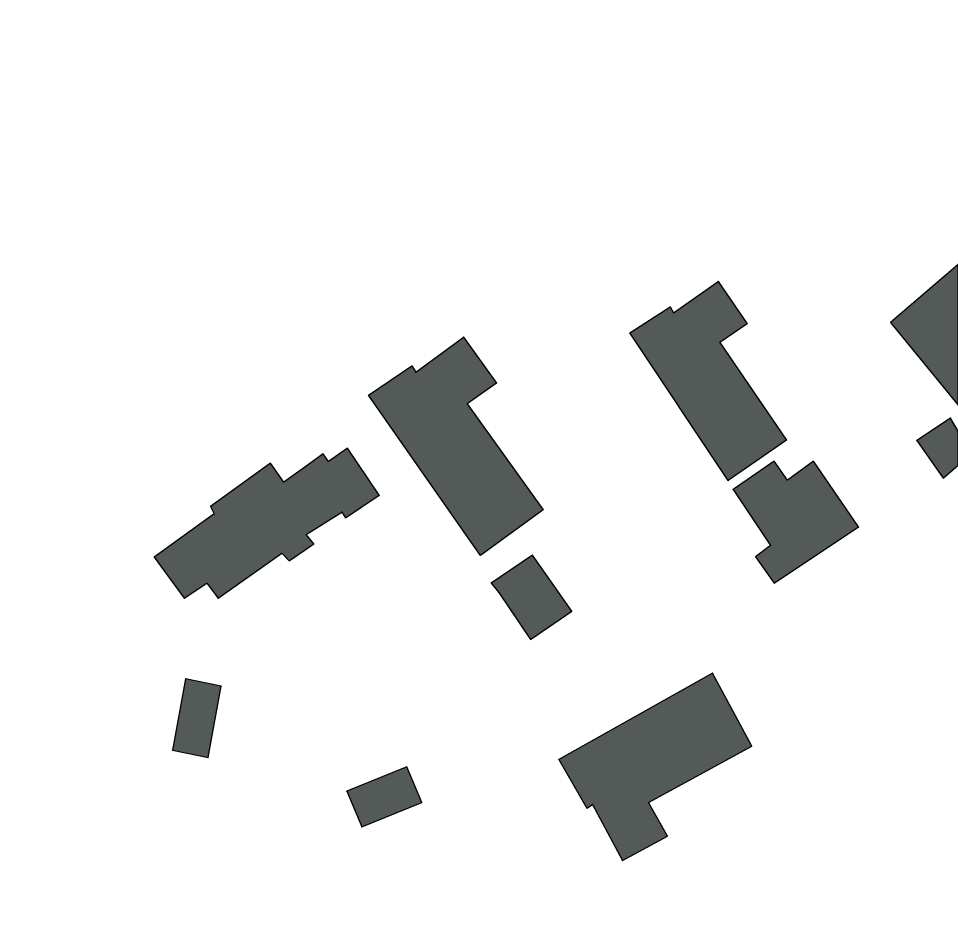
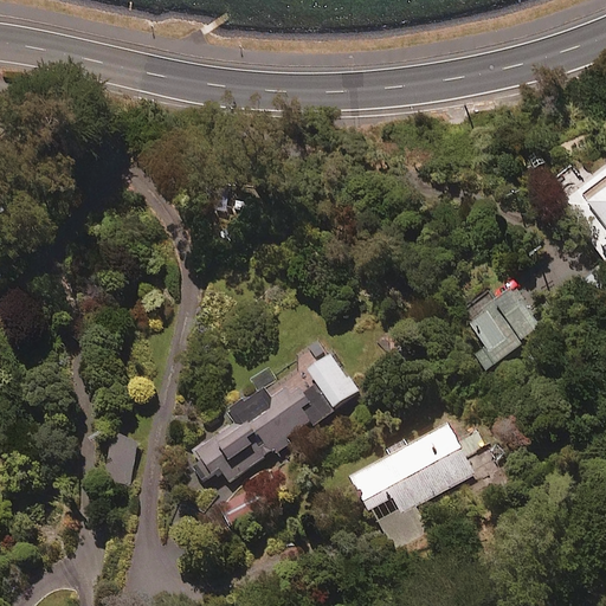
building: [630,281,786,481] -> none
building: [369,337,543,555] -> none
building: [154,448,379,598] -> [193,378,335,472]

